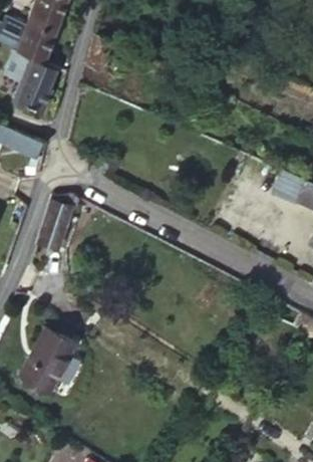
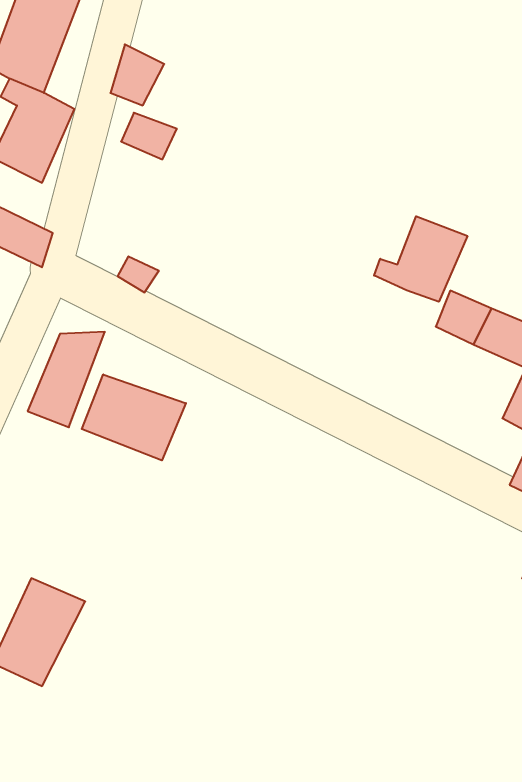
building: none -> [374,216,467,302]
building: none -> [82,374,186,460]

